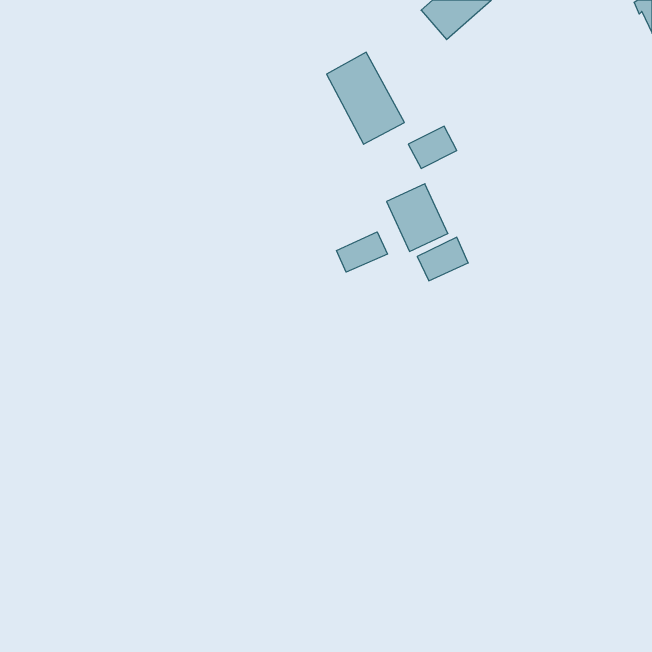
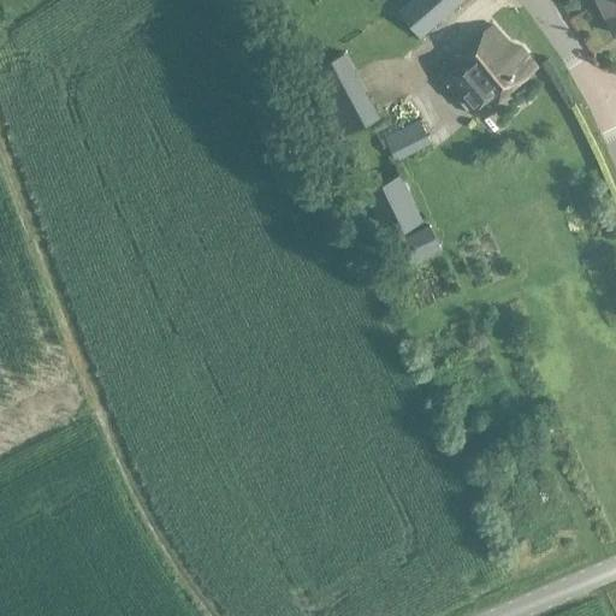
building: none -> [444,23,539,112]
building: [337,232,387,272] -> none

